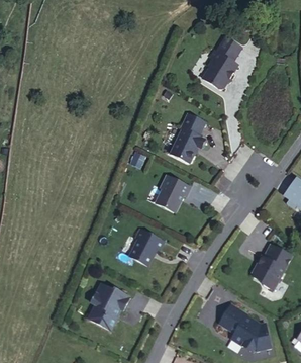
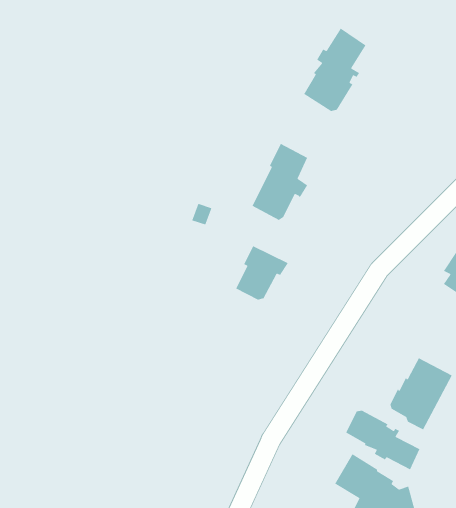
building: [129,230,164,267] -> none
building: none -> [345,410,420,471]
building: [85,283,130,333] -> none

